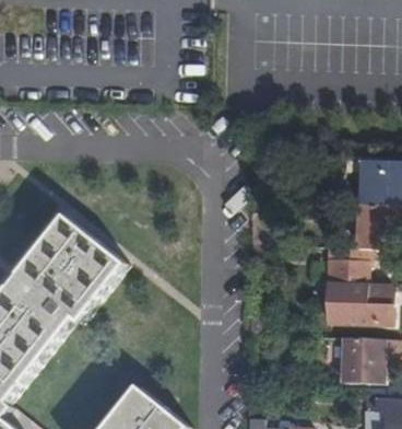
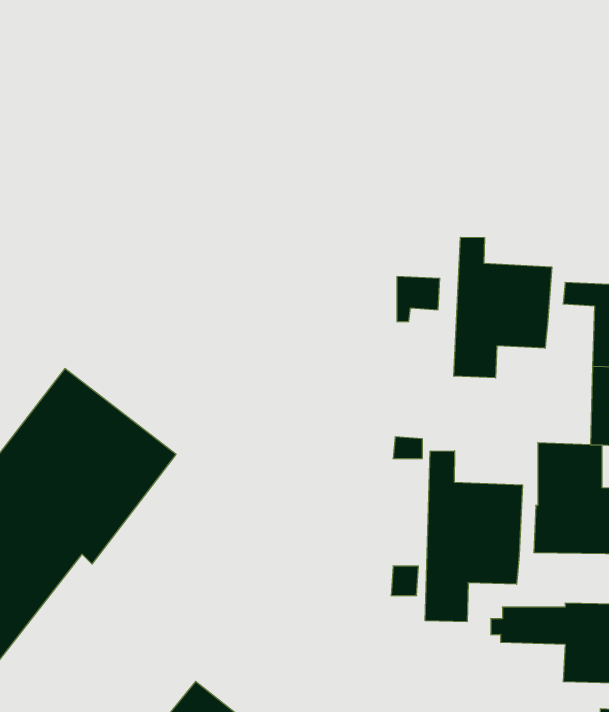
building: none -> [454,237,552,378]
building: none -> [425,451,523,622]

